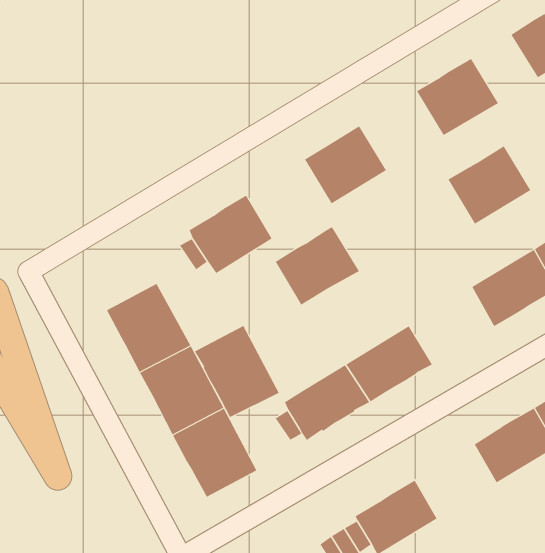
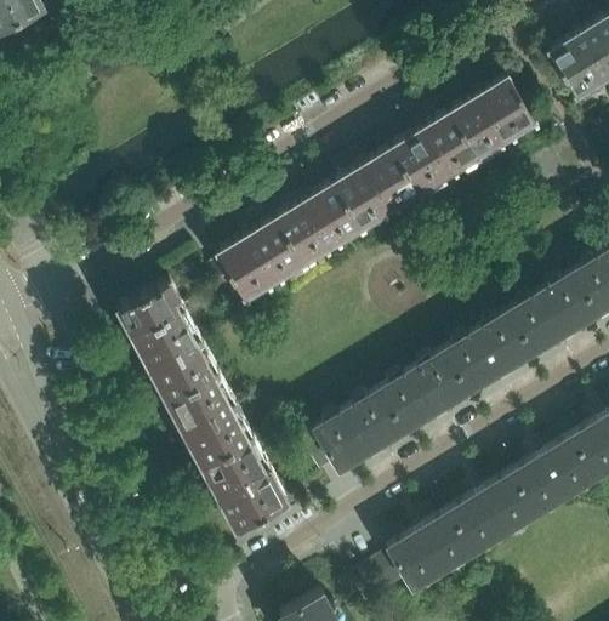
building: [447,145,531,224] -> [392,112,478,193]
building: [275,226,360,305] -> [275,182,363,263]
building: none -> [116,281,183,337]
building: none -> [443,313,530,393]
building: [194,325,280,418] -> none
building: none -> [449,475,533,552]

